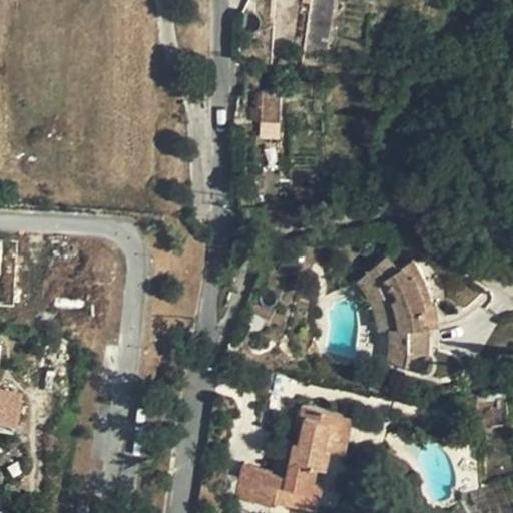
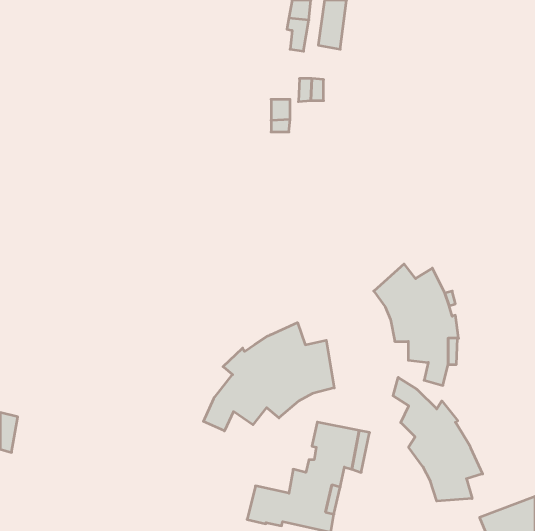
building: none -> [203,323,334,431]
building: none -> [393,377,483,501]

